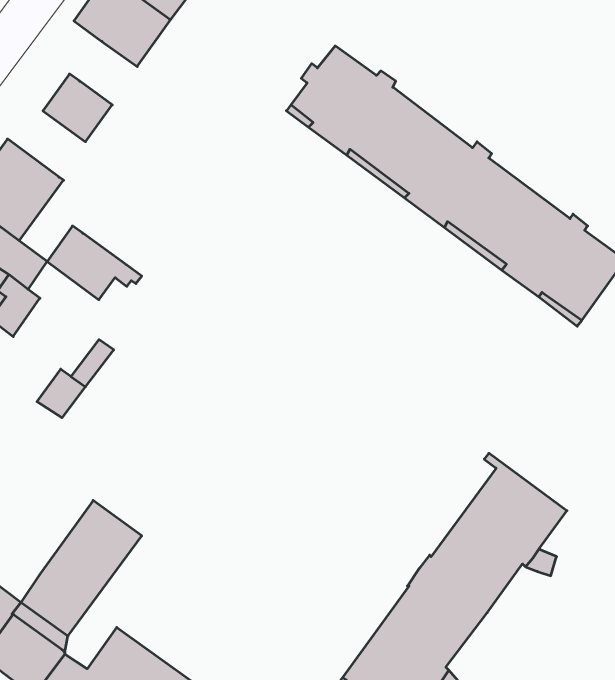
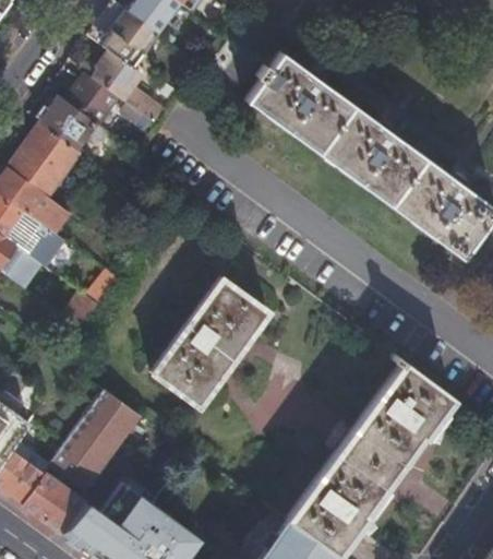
building: none -> [84,34,163,121]
building: [47,226,142,300] -> [40,95,110,150]
building: none -> [152,277,267,406]

